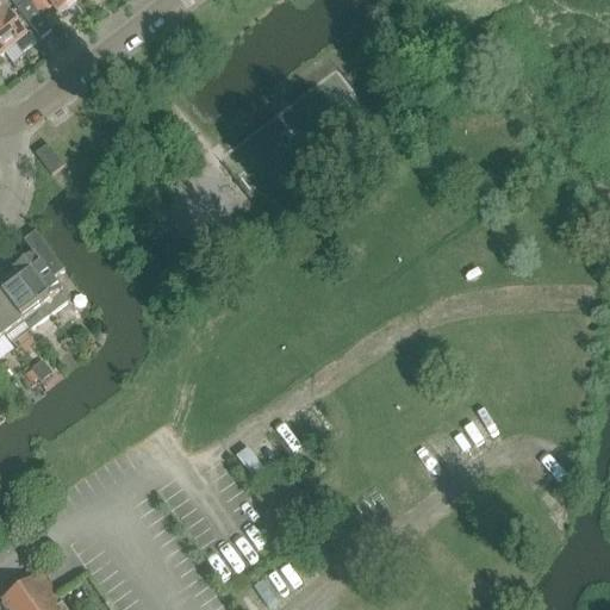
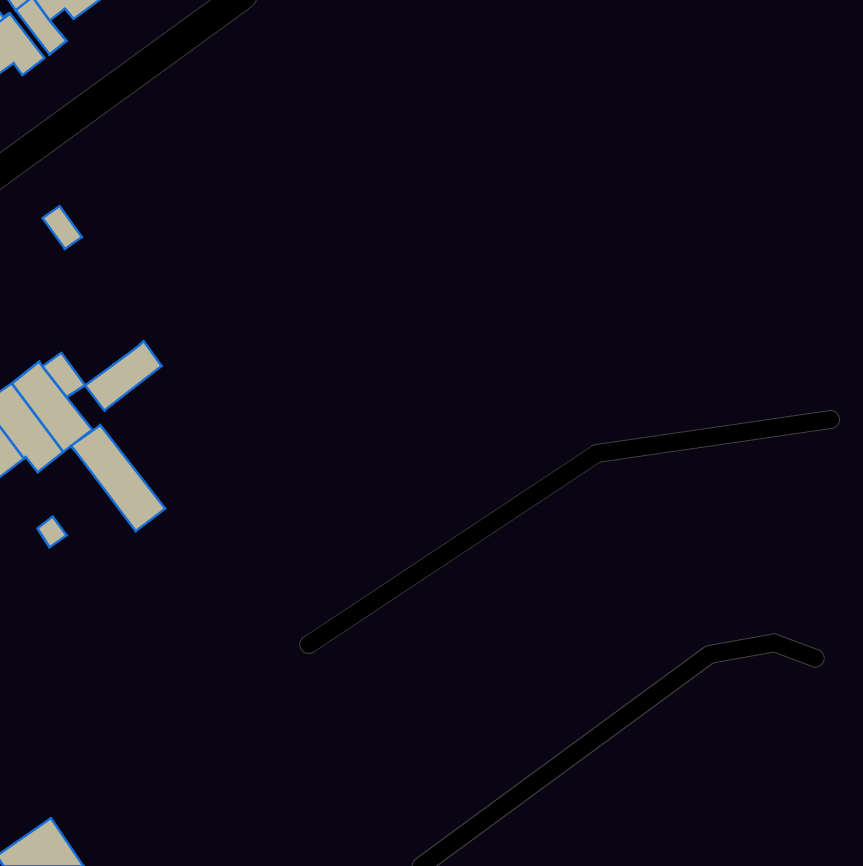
building: none -> [85,341,162,411]
building: none -> [71,425,165,531]

